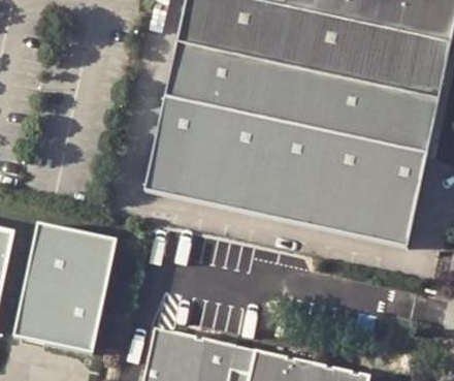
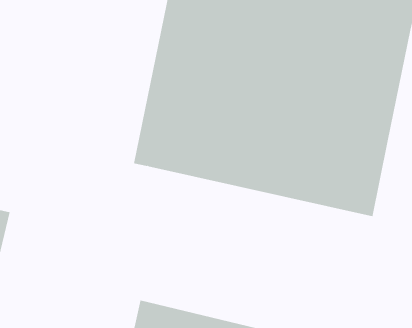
building: [14,219,118,353] -> none

